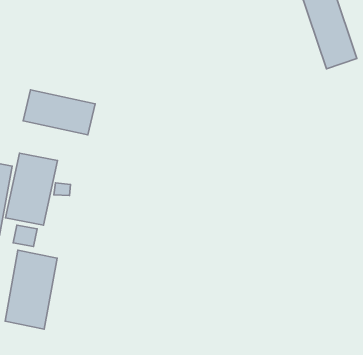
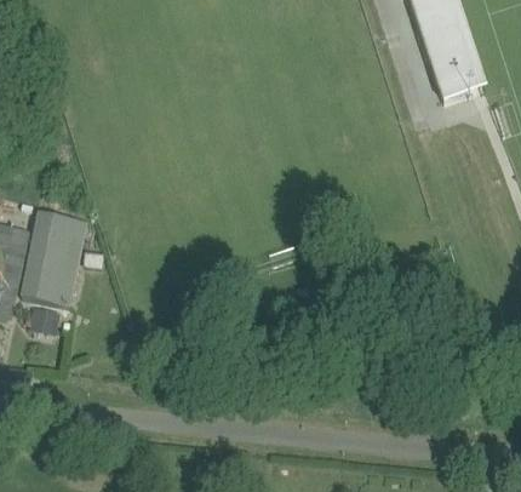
building: [23,90,95,135] -> none
building: [5,250,57,329] -> none

